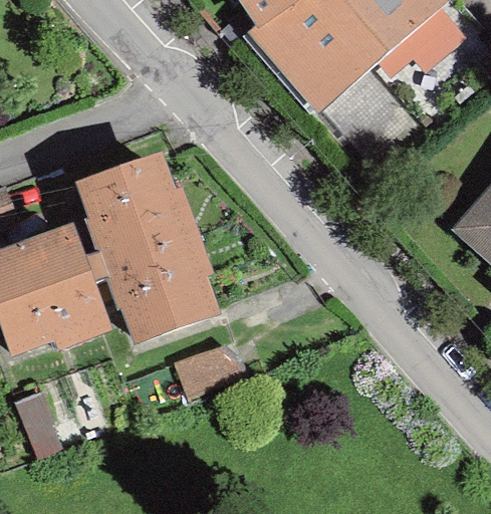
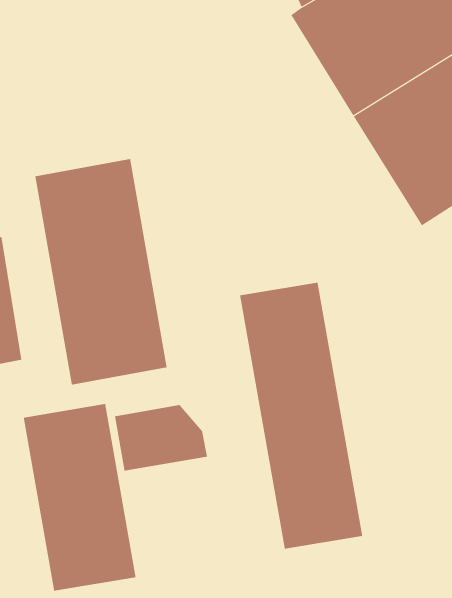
building: none -> [239,282,363,550]
building: none -> [23,403,136,592]

